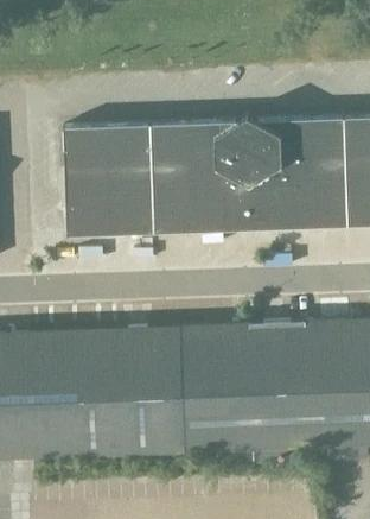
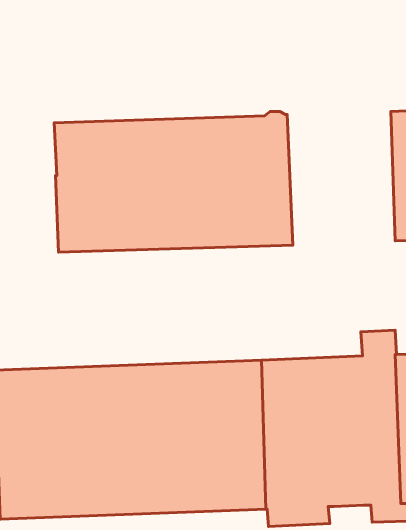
building: [256,116,346,228] -> none

